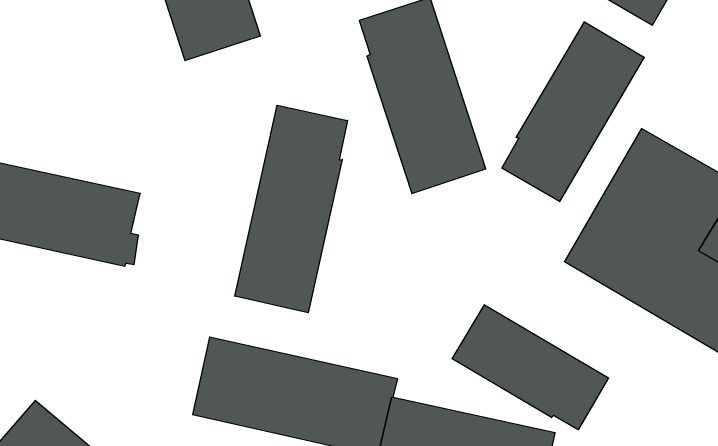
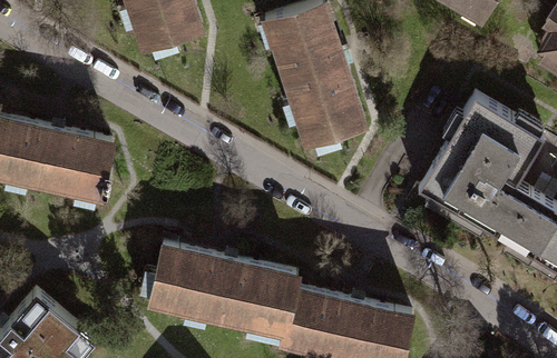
building: [502,22,644,202] -> none
building: [235,105,347,313] -> none
building: [452,305,609,430] -> none

